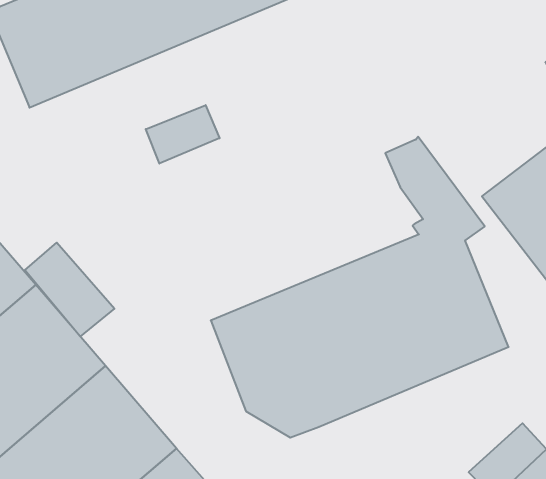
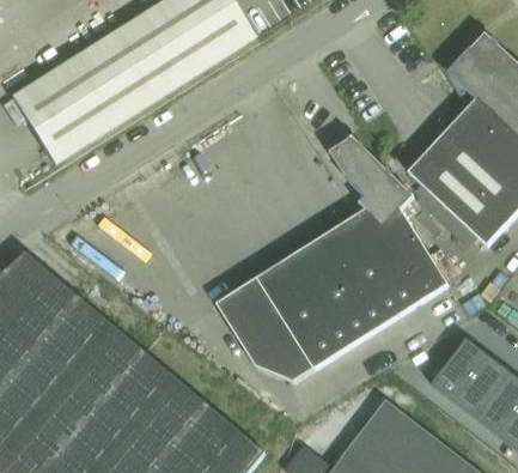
building: [146,105,220,164] -> none
building: [25,243,114,336] -> none

